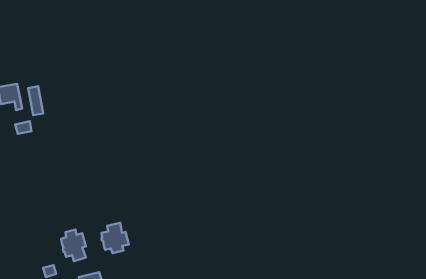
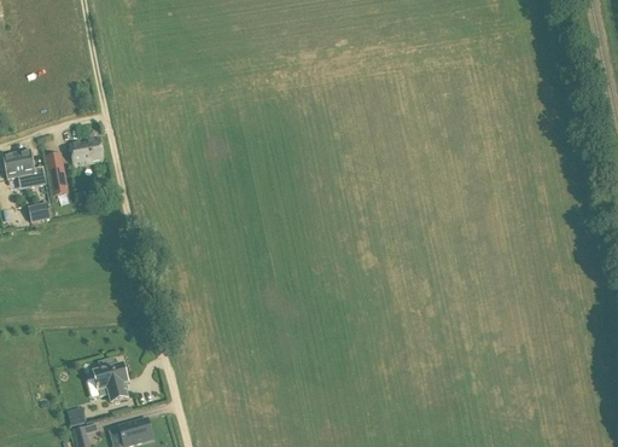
building: none -> [69,137,104,166]
building: [101,223,129,253] -> none

